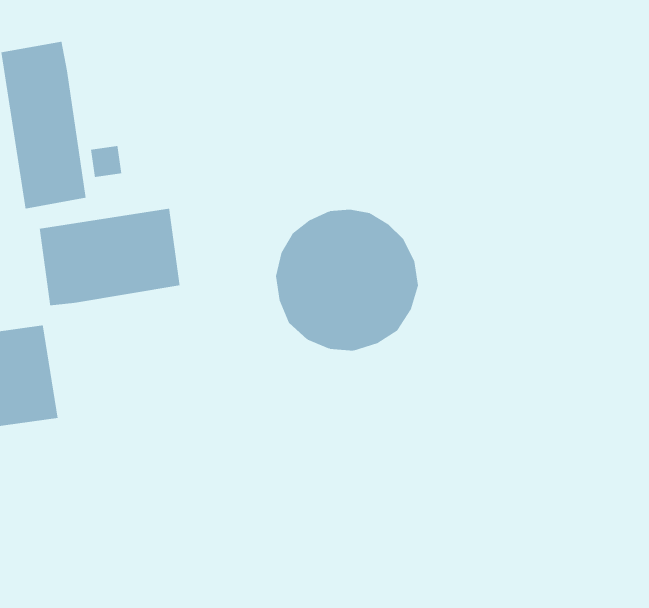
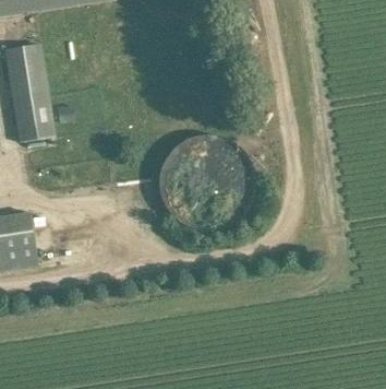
building: [39,208,180,306] -> none

